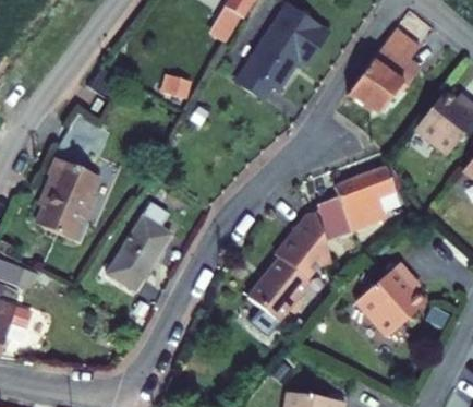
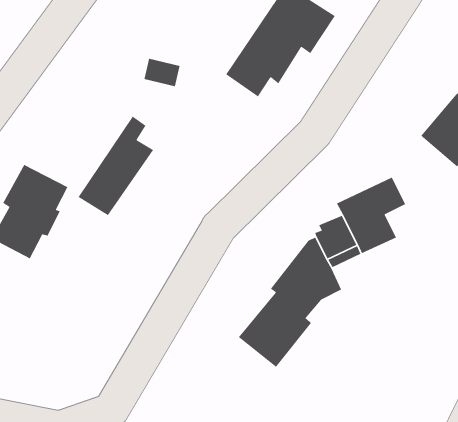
building: [354,28,420,103] -> none
building: [105,203,170,289] -> [78,115,154,216]
building: [354,262,424,337] -> none

